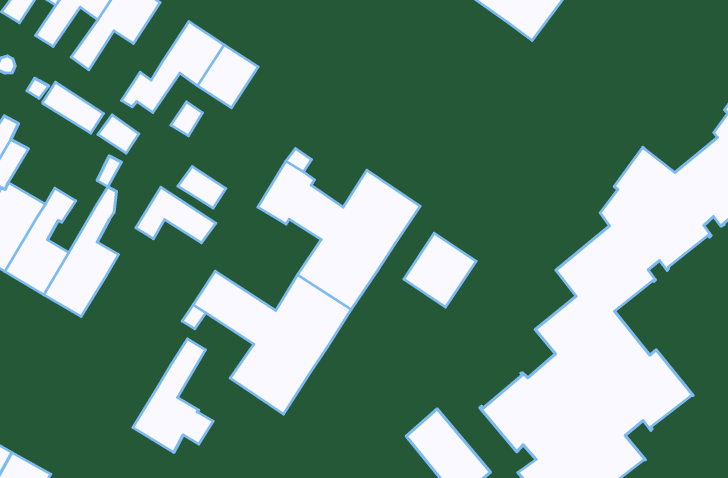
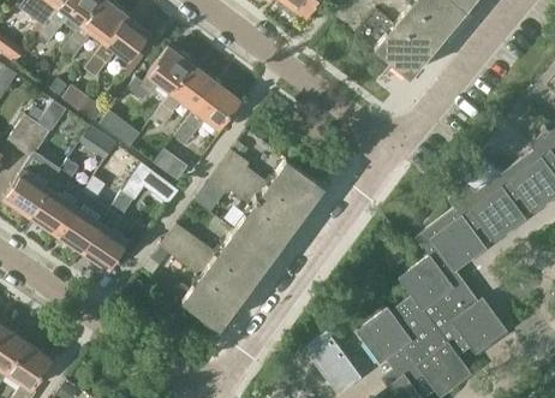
building: none -> [175,83,240,145]
building: [404,233,476,307] -> none
building: [133,339,213,453] -> [82,191,138,271]

